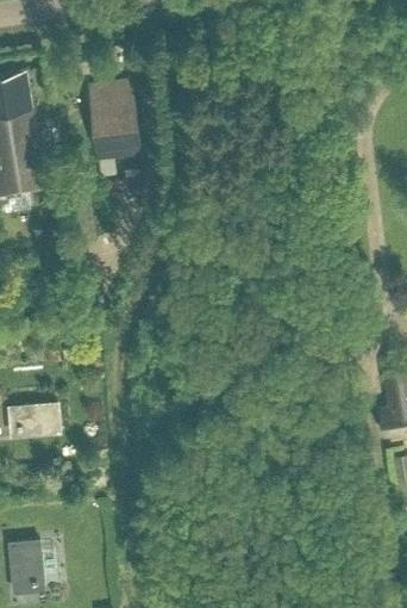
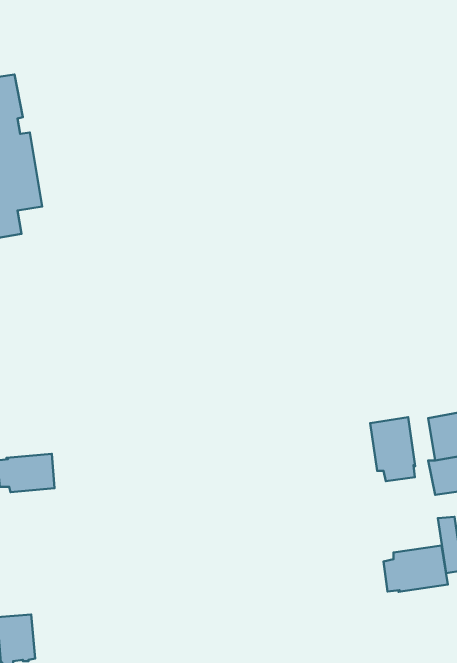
building: [88,82,140,159] -> none
building: none -> [370,417,415,481]
building: none -> [383,546,448,592]

